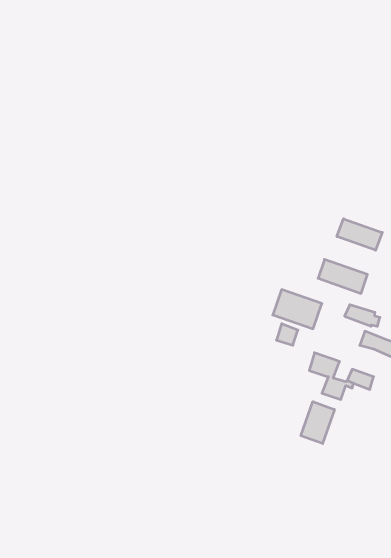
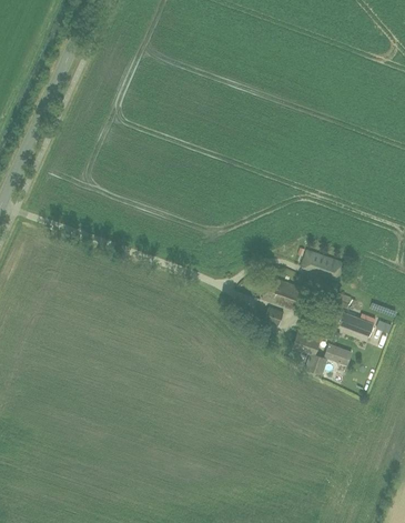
building: [337,219,382,250] -> none
building: [301,402,334,444] -> none

